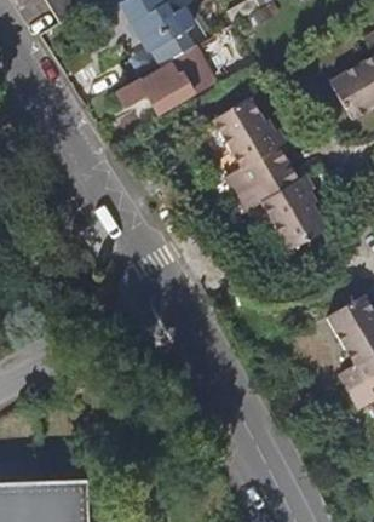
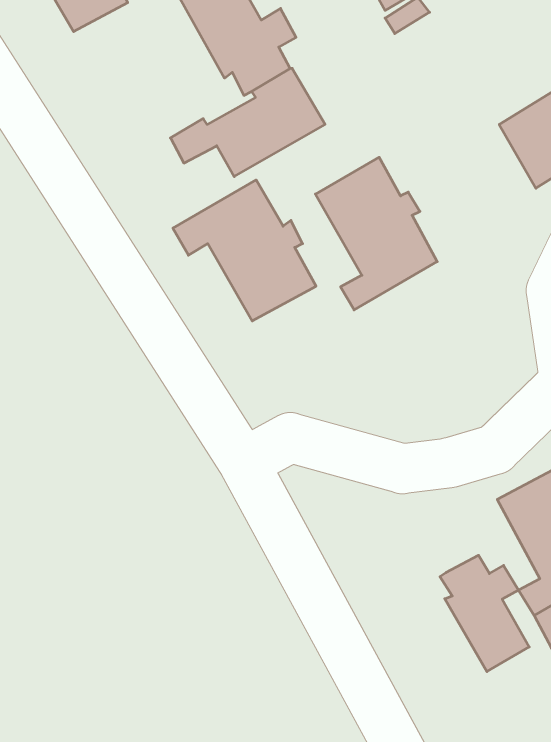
building: [238,166,328,254] -> [173,180,316,321]
building: none -> [440,555,529,672]

